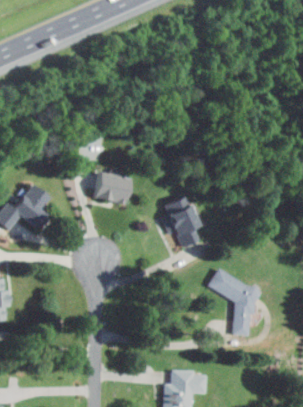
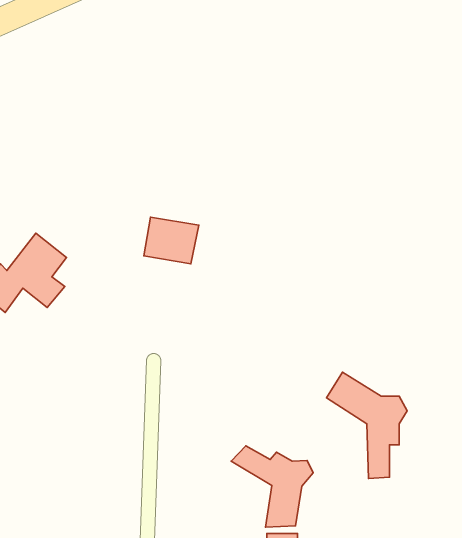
building: [162,195,201,249] -> none
building: none -> [231,446,313,527]

